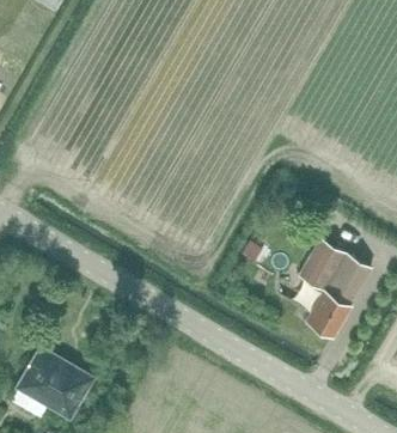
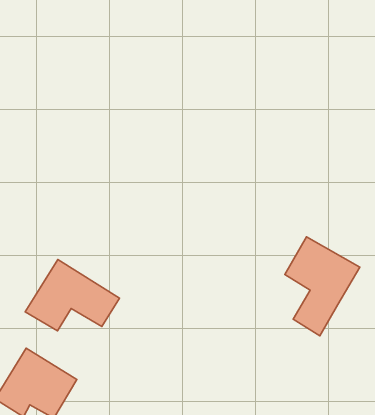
building: none -> [25,259,119,331]

